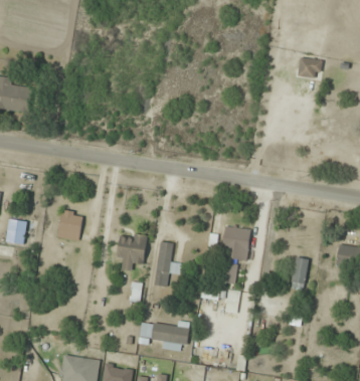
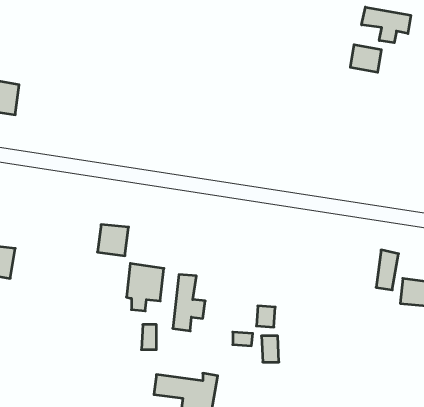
building: none -> [362,7,411,43]
building: [57,210,82,235] -> [97,225,129,256]
building: [221,225,250,259] -> none
building: [291,256,309,289] -> [376,250,399,290]

